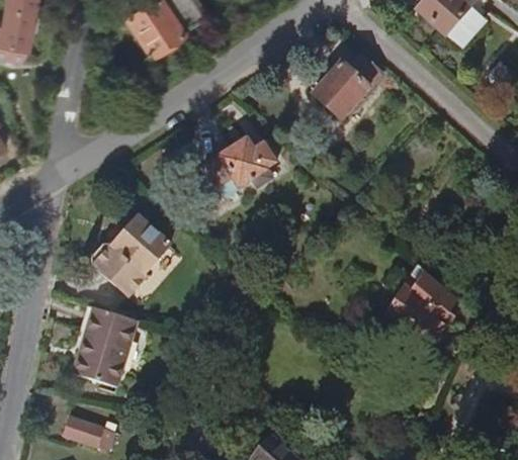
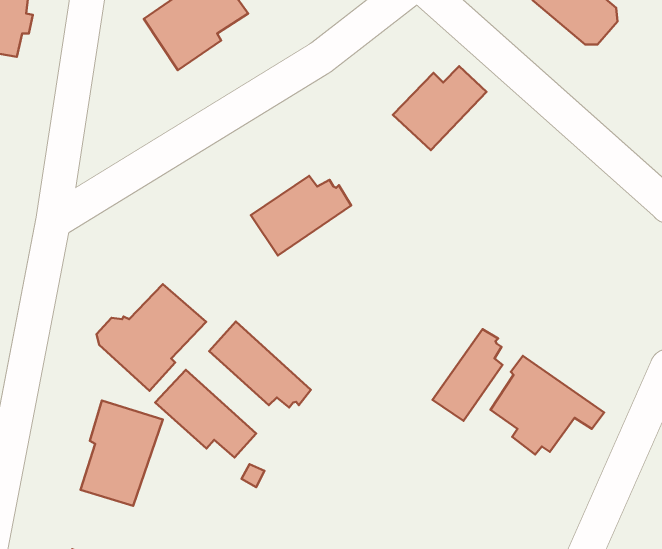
building: none -> [209,321,311,407]
building: none -> [433,329,503,421]
building: none -> [155,370,256,458]

